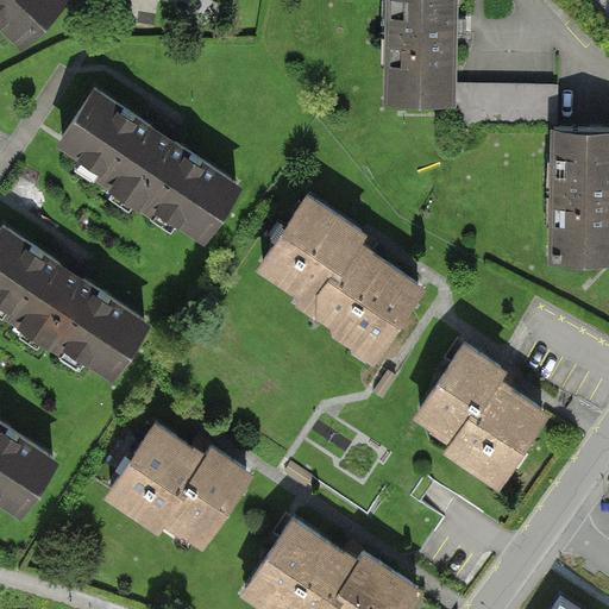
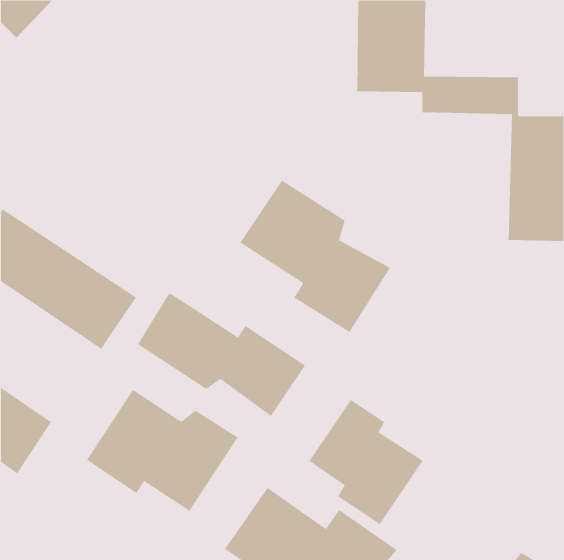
building: [56,86,238,238] -> none
building: none -> [137,292,306,417]
building: [420,344,544,479] -> [309,399,423,525]

